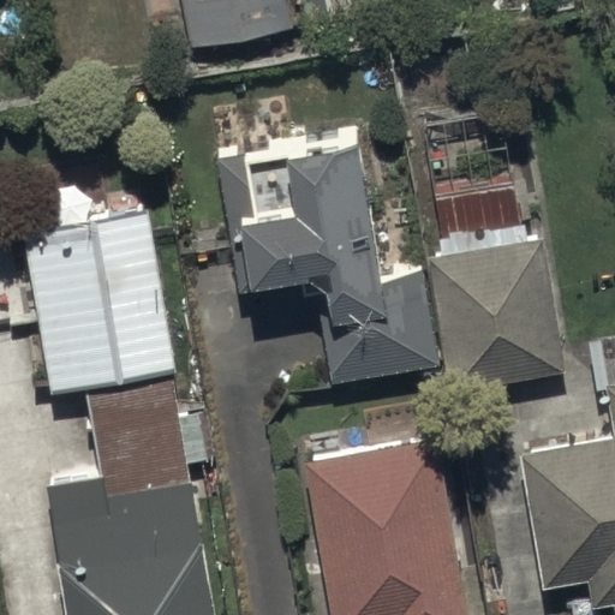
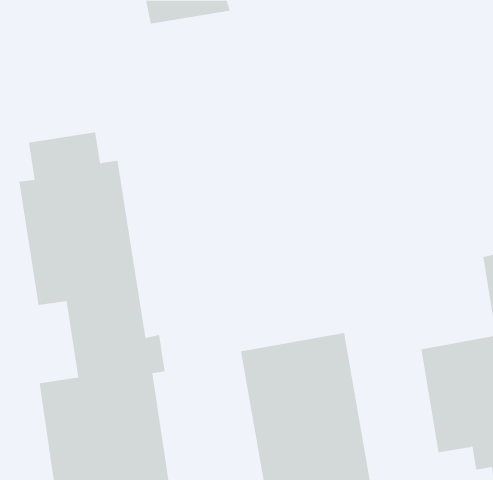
building: [220,123,436,380] -> none
building: [428,183,565,393] -> none

